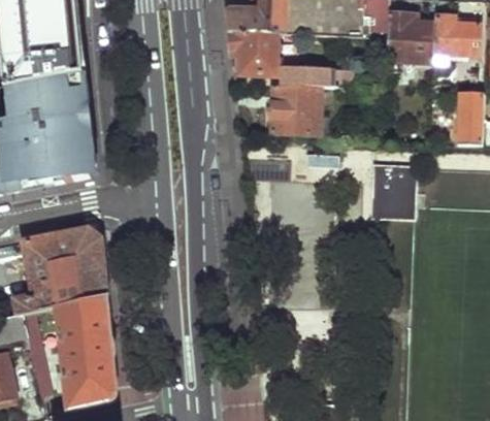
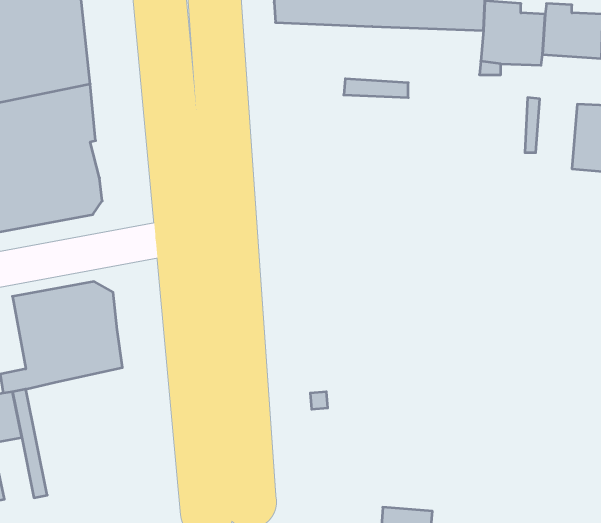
building: [226,28,300,73] -> none
building: [268,86,318,134] -> none
building: [369,163,411,216] -> none
building: [57,293,119,408] -> none

